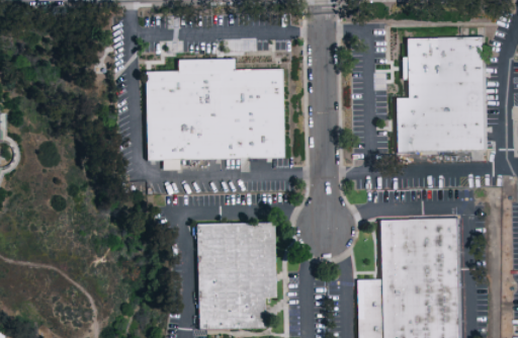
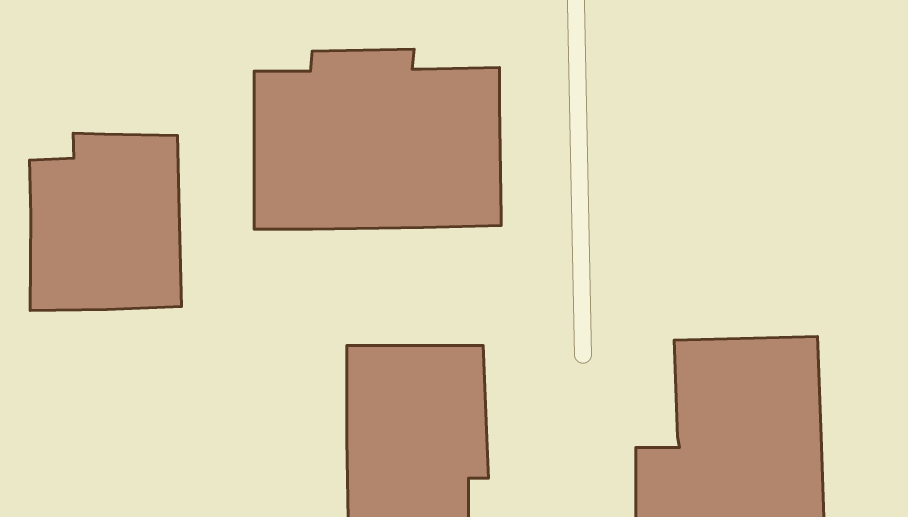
building: [395,36,491,153] -> none
building: none -> [30,133,181,310]

